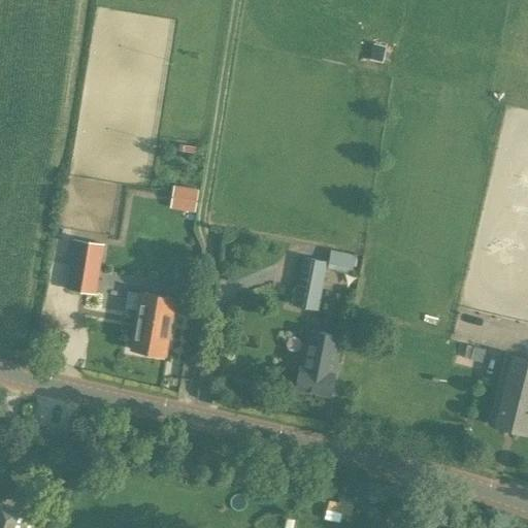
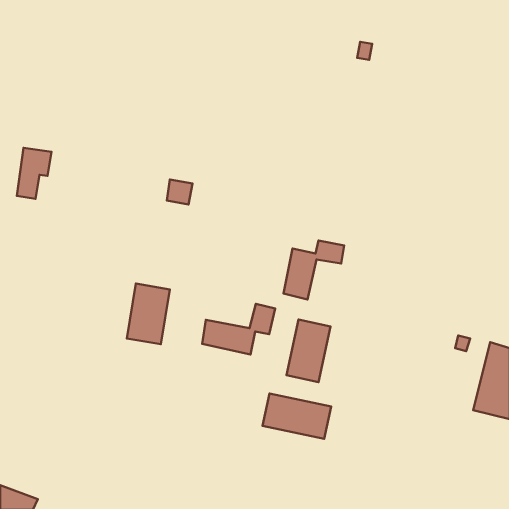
building: [68,241,104,294] -> [17,148,52,199]
building: none -> [202,304,275,354]
building: none -> [263,393,331,439]

